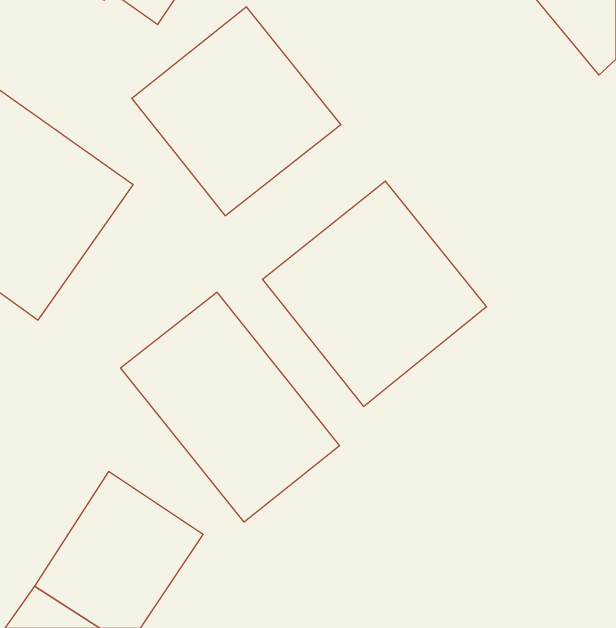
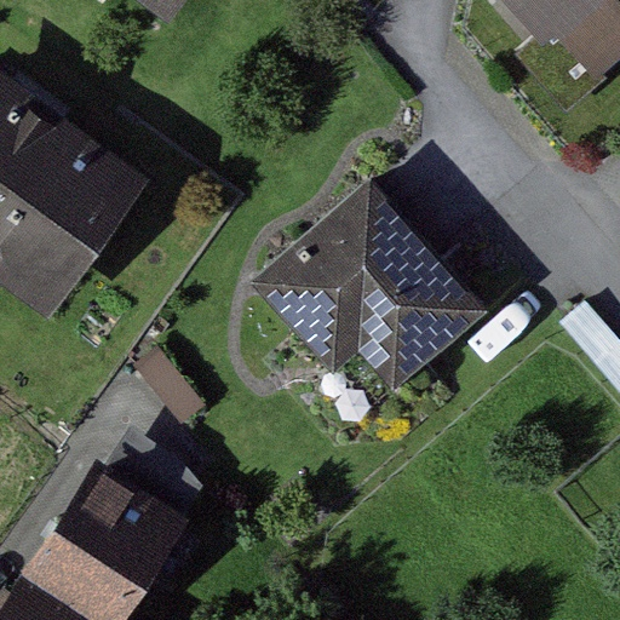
building: [132,7,341,216] -> none
building: [120,292,339,522] -> none

